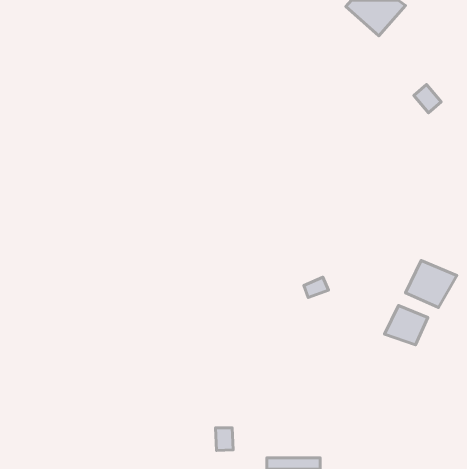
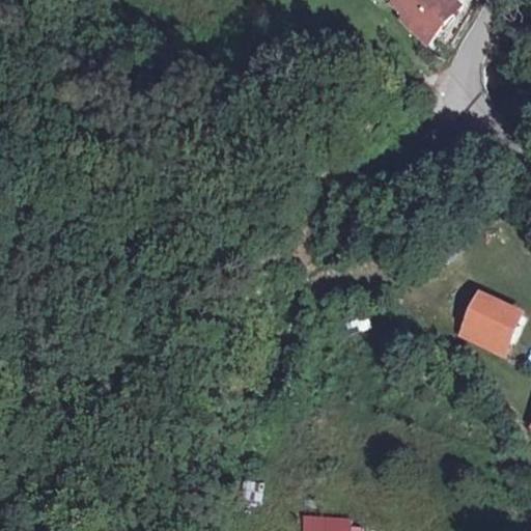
building: [385,305,428,345] -> none

